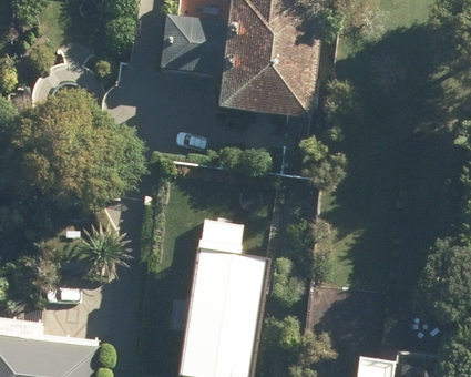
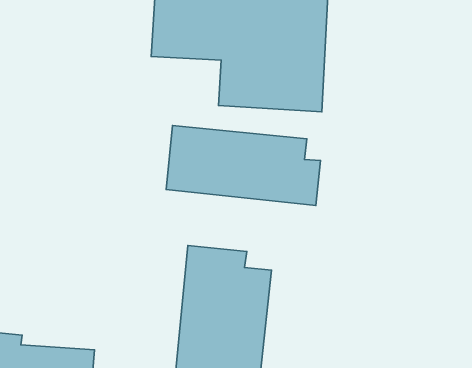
building: none -> [166,125,320,206]

